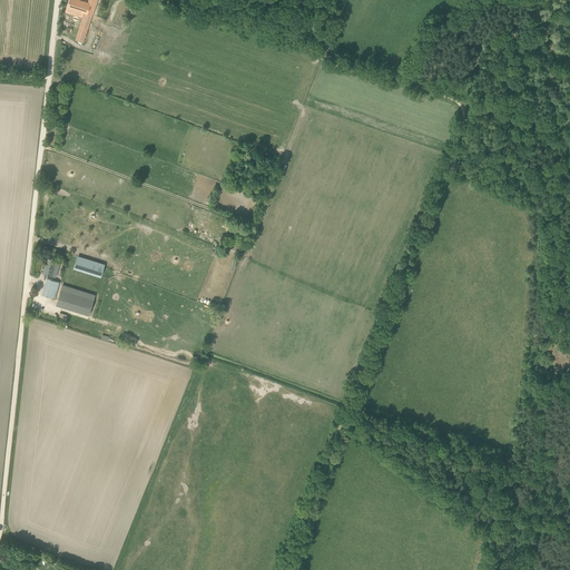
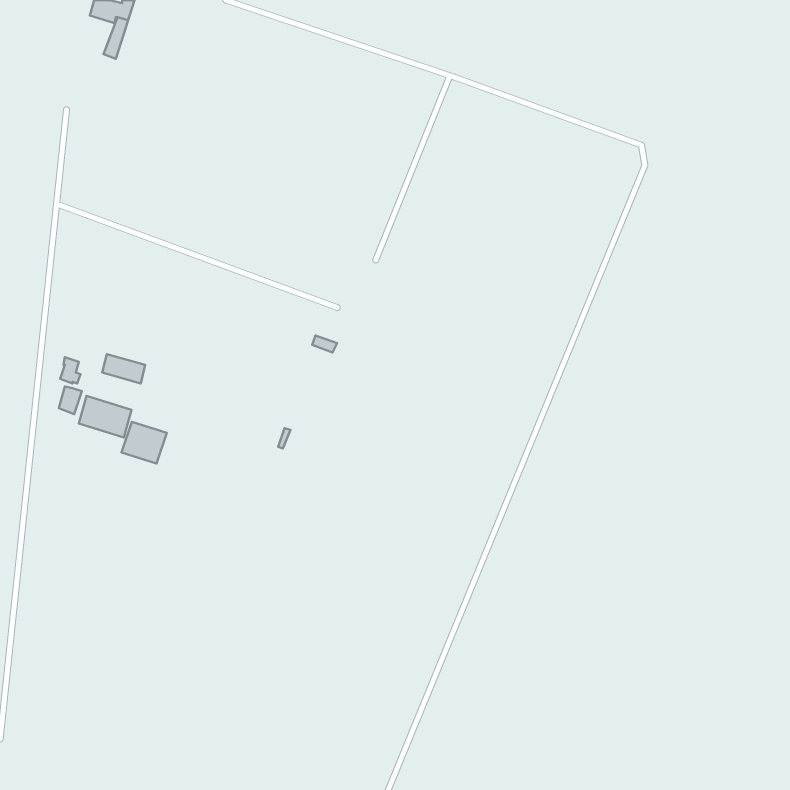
building: none -> [122,422,167,463]

